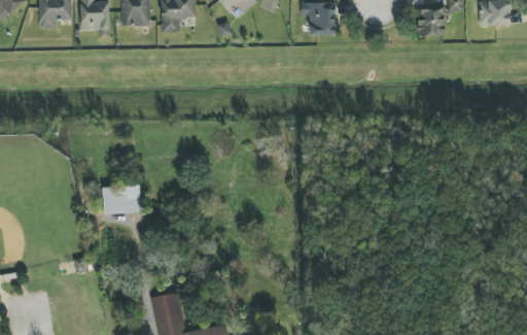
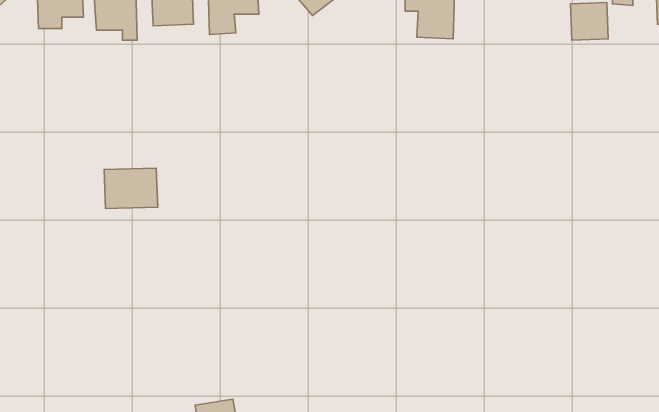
building: [103,183,141,212] -> [104,168,158,209]

